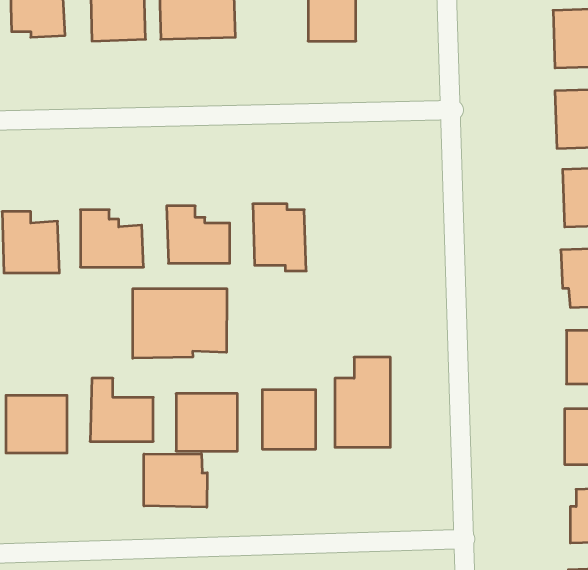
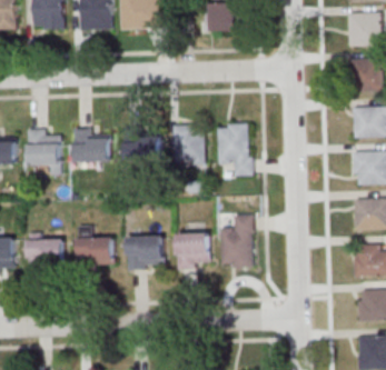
building: none -> [217,123,253,176]
building: [133,289,227,358] -> none
building: [144,454,207,507] -> none

